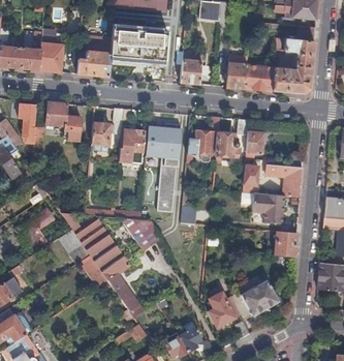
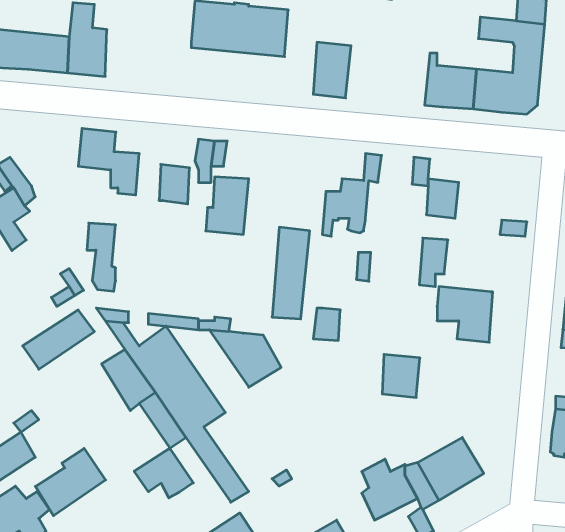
building: [77,51,111,77] -> none
building: [226,56,248,89] -> none
building: [19,103,35,143] -> [87,223,116,291]
building: [145,127,181,161] -> none
building: [215,133,240,164] -> none
building: [265,166,303,198] -> none
building: [275,232,296,257] -> [382,354,420,397]
building: none -> [134,448,193,498]
building: none -> [35,448,106,516]

